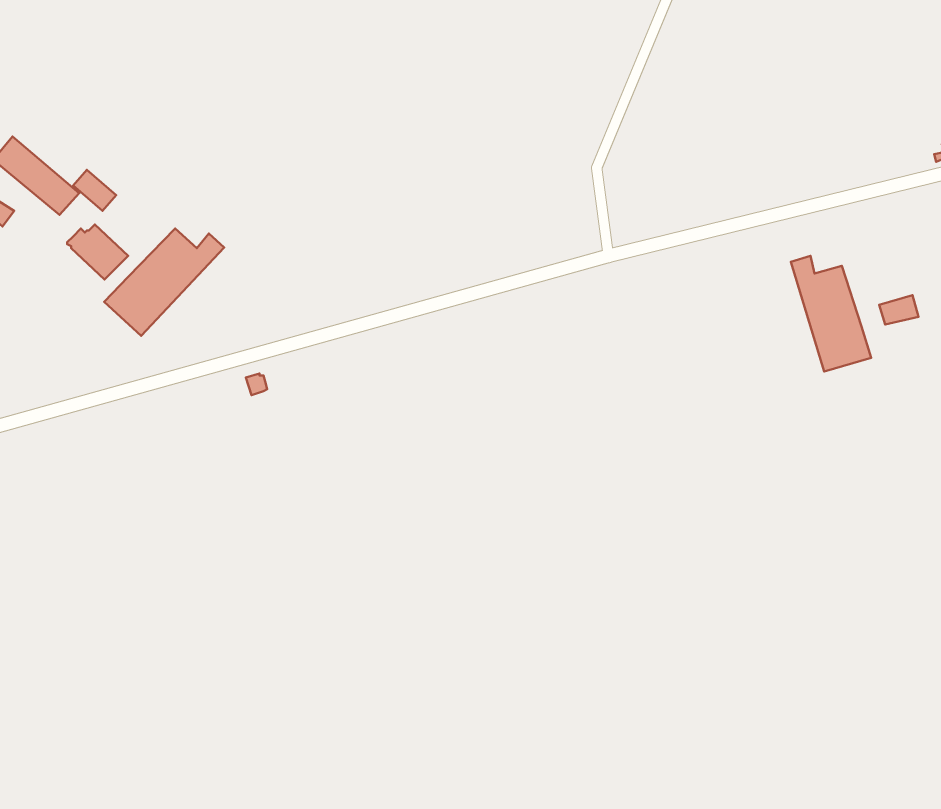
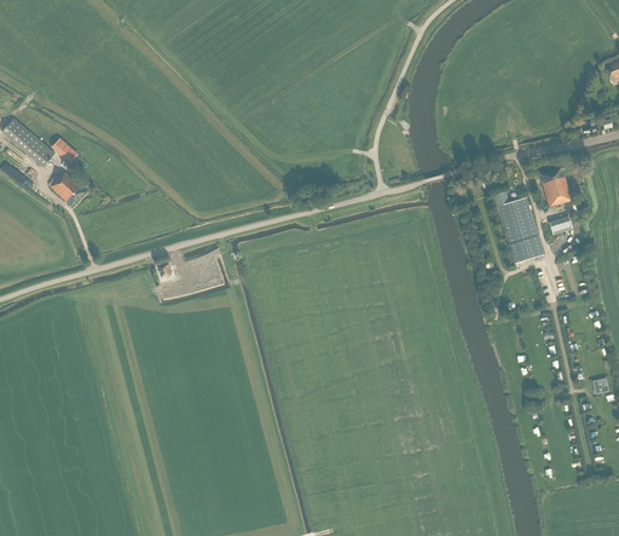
building: none -> [539,167,572,206]
building: [104,229,224,336] -> none

